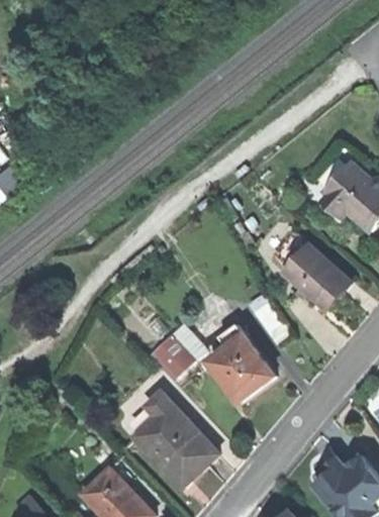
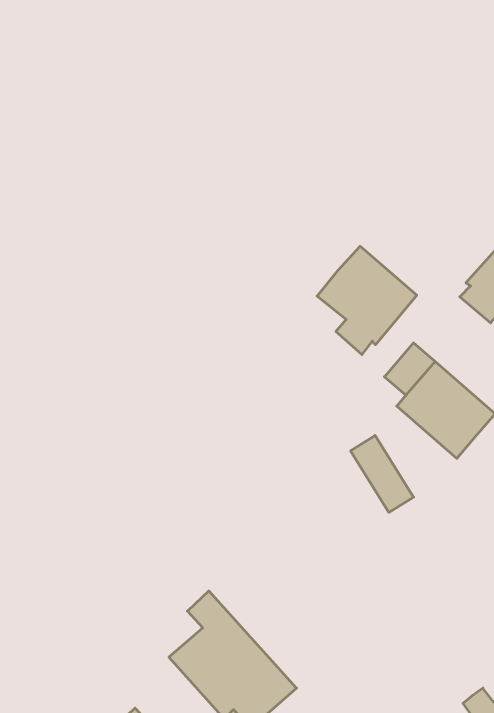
building: none -> [317,246,417,355]
building: [209,323,273,400] -> none
building: [148,331,189,373] -> none

